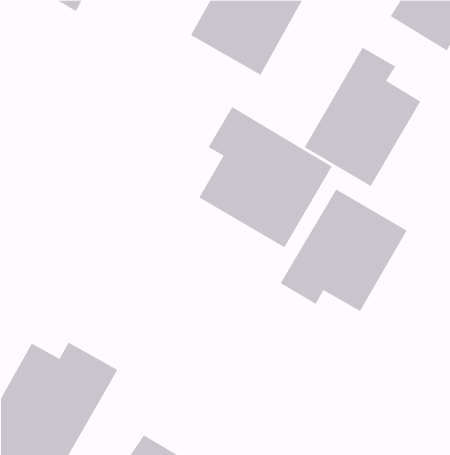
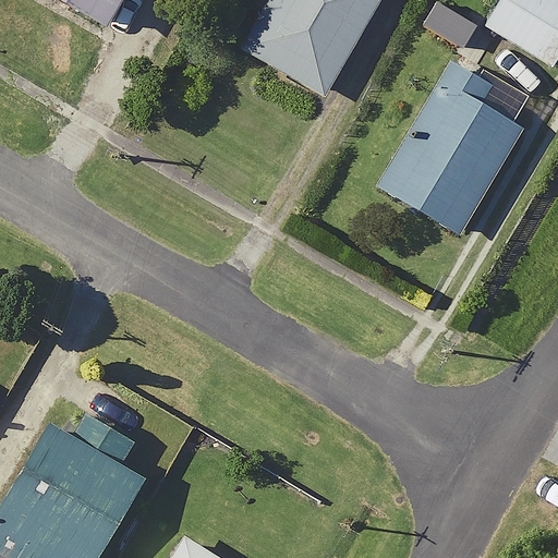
building: [199,106,333,248] -> none
building: [280,188,408,312] -> none

